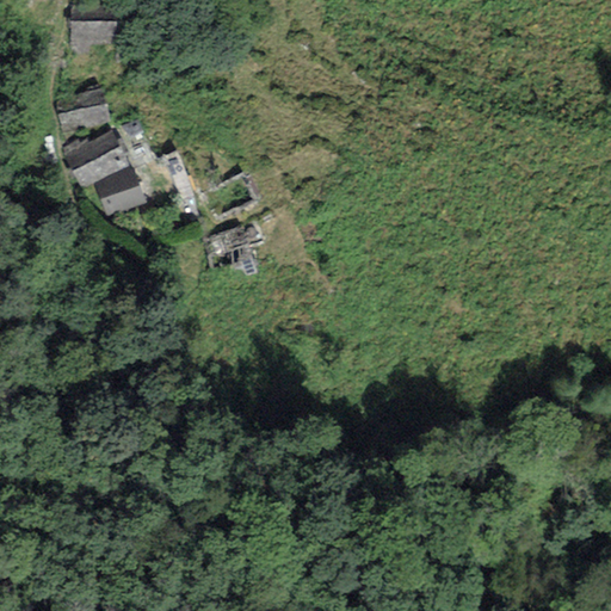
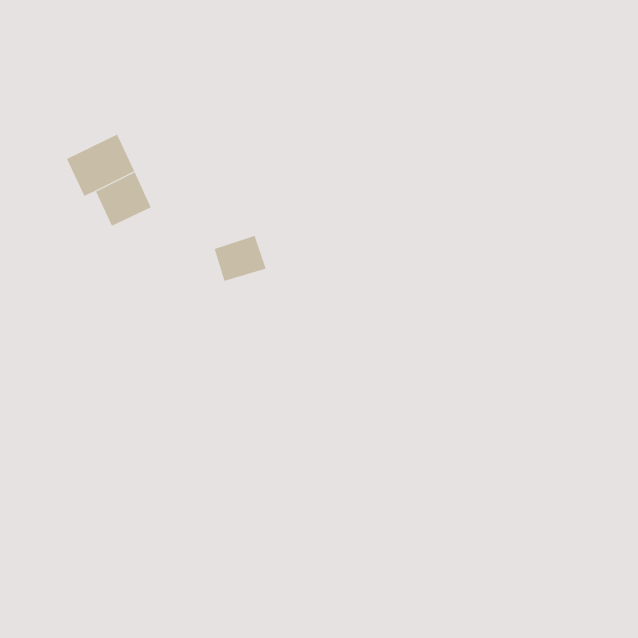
building: [70,19,116,55] -> none
building: [55,87,109,131] -> none

